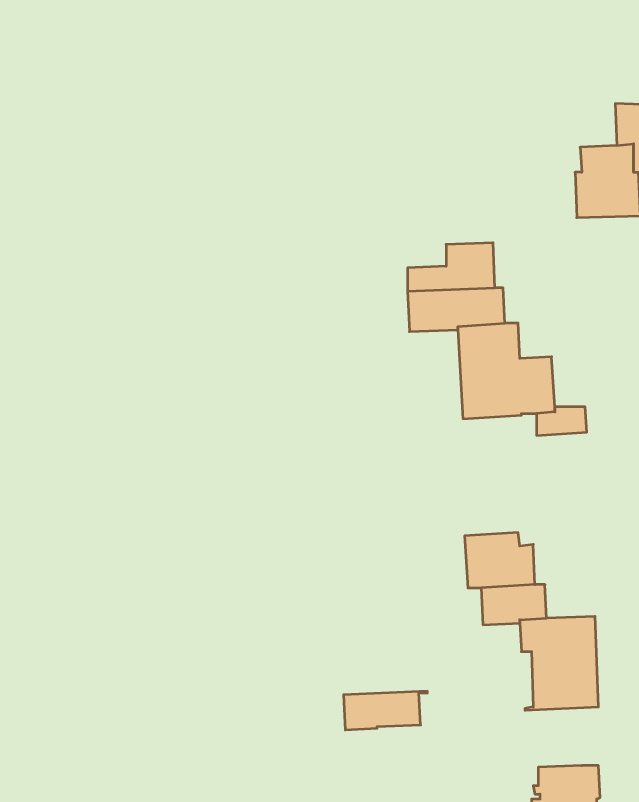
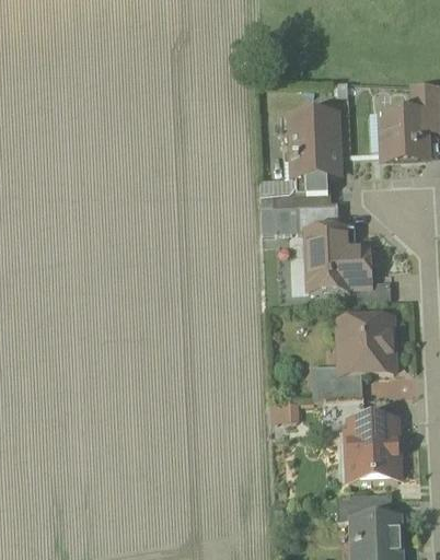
building: none -> [291,112,338,175]
building: none -> [338,317,394,372]
building: [344,691,427,730] -> [337,493,392,518]

